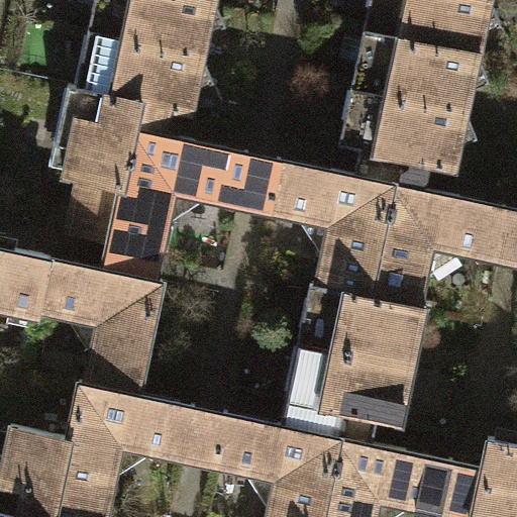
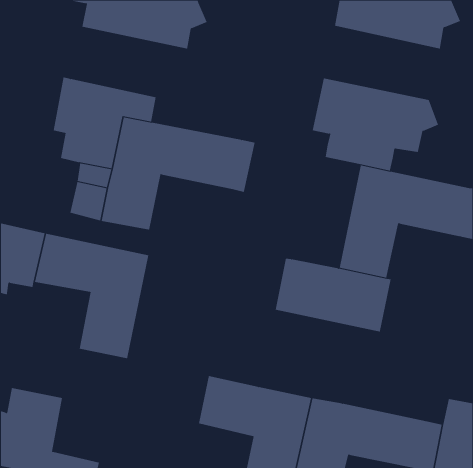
building: [341,33,490,114] -> none
building: [77,34,214,115] -> none
building: [267,161,393,298] -> none
building: [282,343,415,445] -> none
building: [58,385,227,510] -> none

